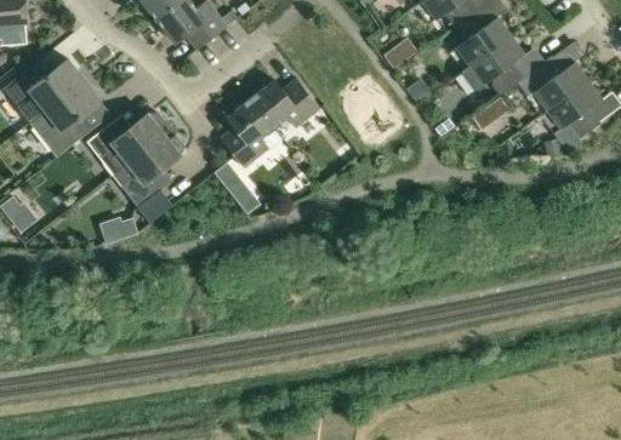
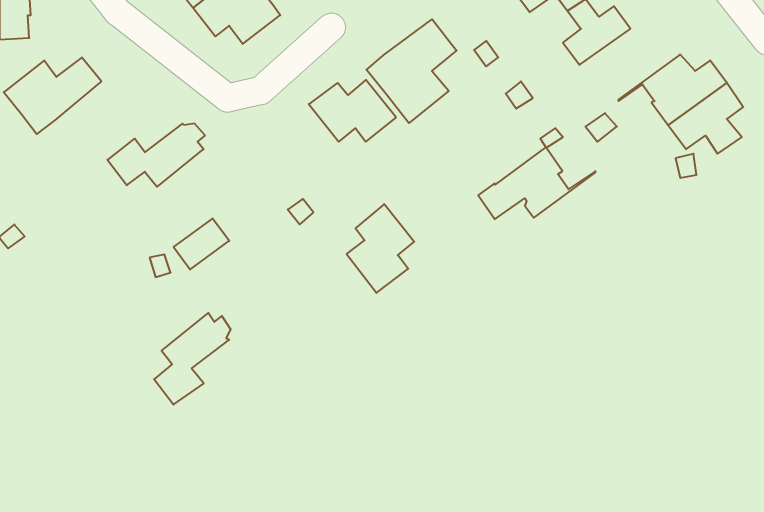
building: none -> [366,19,457,123]
building: [456,36,551,95] -> [478,147,595,219]
building: [30,79,101,158] -> none
building: [221,97,275,168] -> [347,204,414,293]
building: [123,133,184,207] -> [154,313,231,405]

